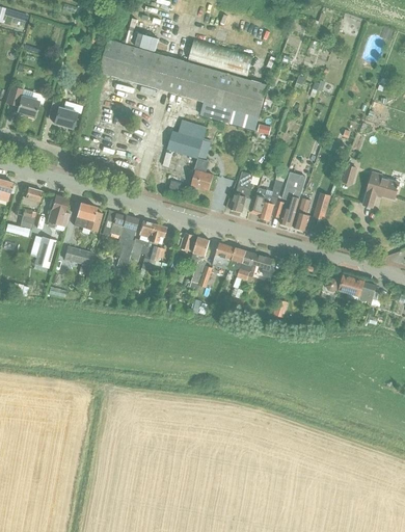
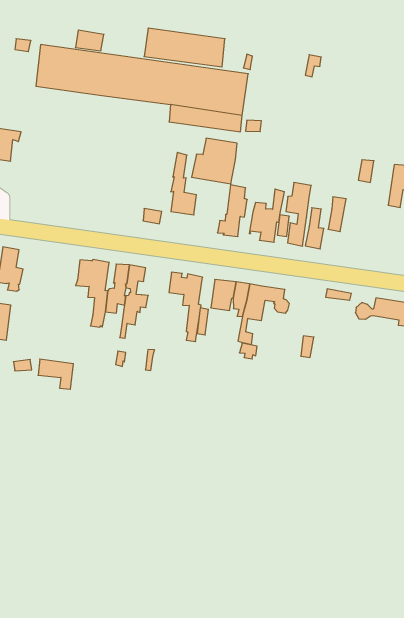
building: [167,119,207,158] -> [192,138,237,184]
building: [74,203,102,232] -> none
building: [63,246,92,273] -> [38,359,73,389]

